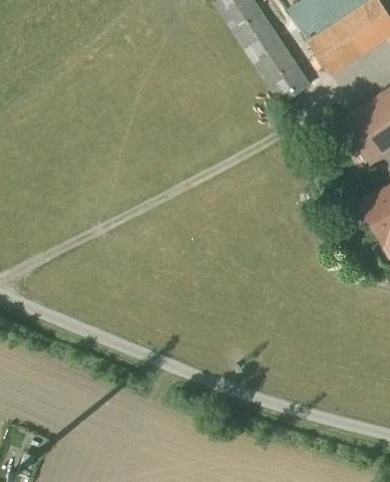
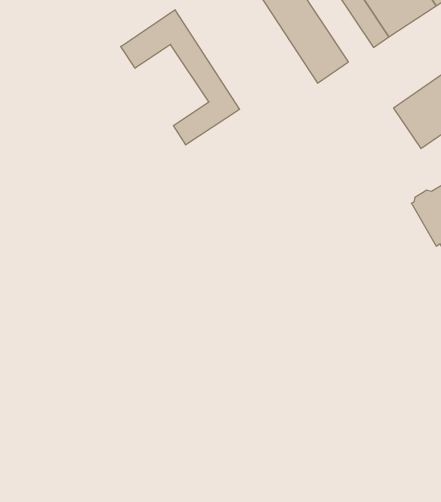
building: none -> [121,10,240,145]

